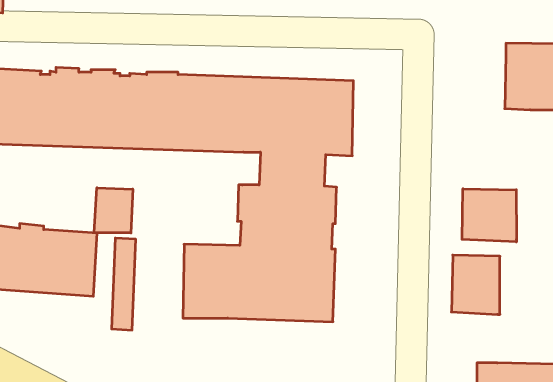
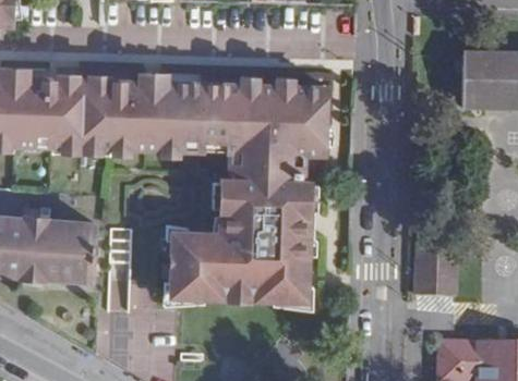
building: [94,188,133,233] -> none
building: [462,189,516,242] -> none

